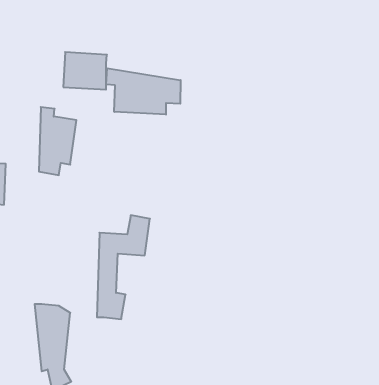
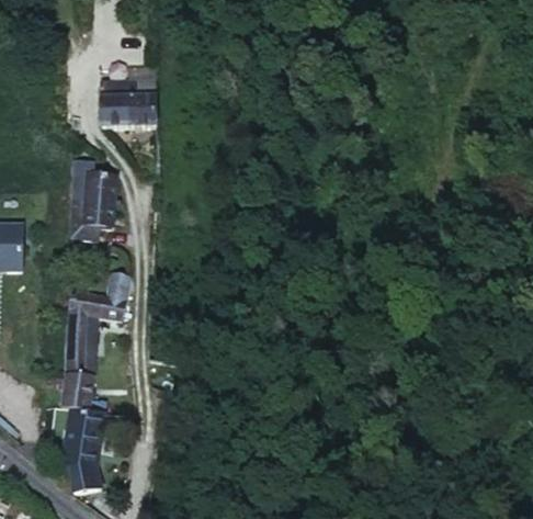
building: [106,68,181,115] -> none
building: [97,215,150,319] -> [63,273,129,404]

